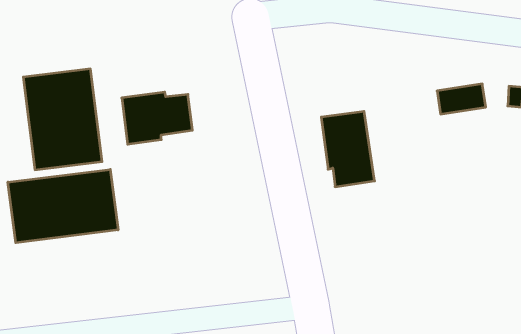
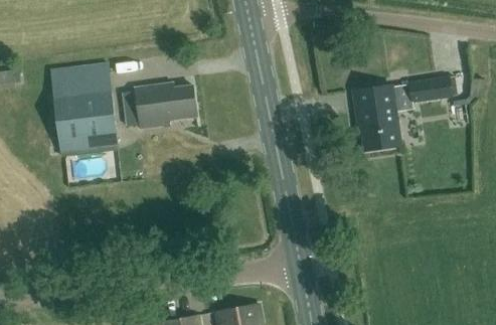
building: [321,111,375,187] -> [353,85,399,150]
building: [8,169,118,243] -> none

